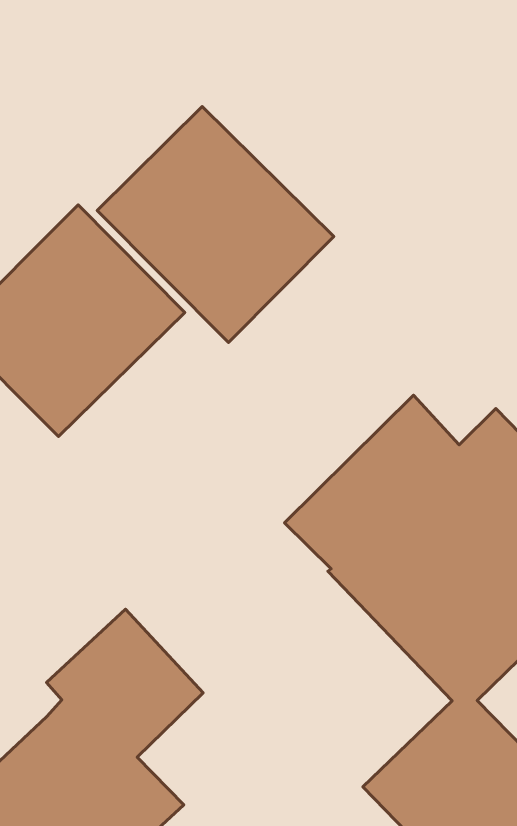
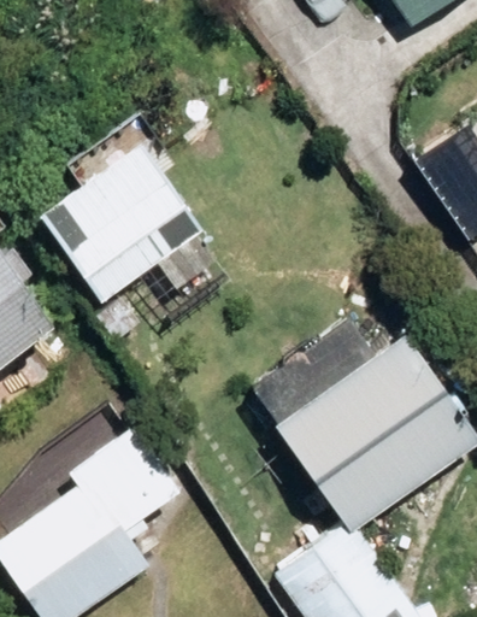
building: [97,107,334,342] -> none

